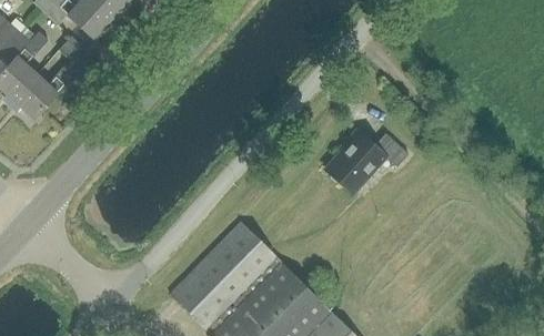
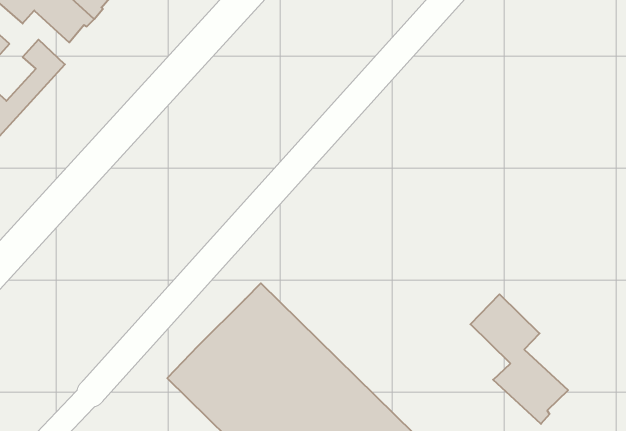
building: [325,132,409,193] -> none
building: none -> [470,294,568,424]

